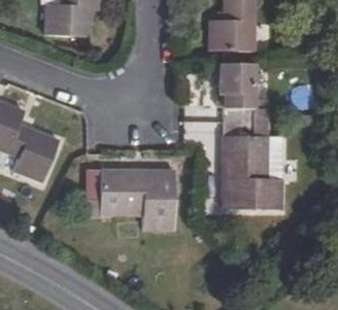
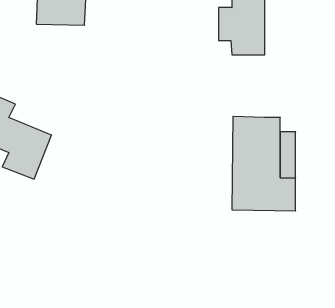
building: [221,64,271,123] -> none
building: [84,170,171,230] -> none

